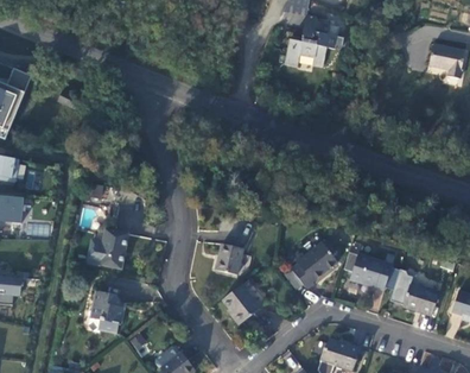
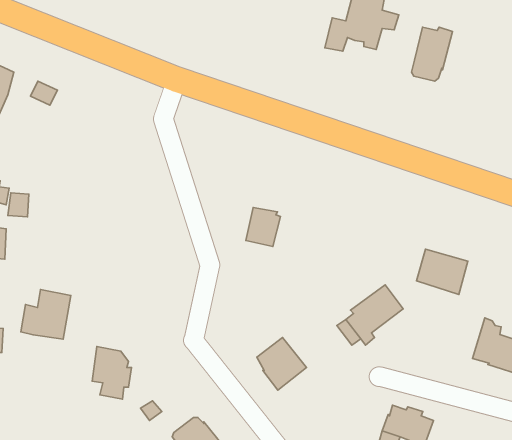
building: none -> [411,27,452,81]
building: [88,228,127,267] -> [21,290,71,339]
building: [215,244,242,274] -> [246,207,280,247]
building: [351,254,392,290] -> [416,249,468,294]

